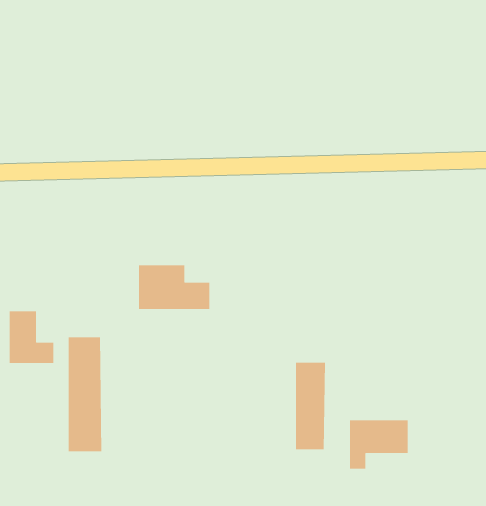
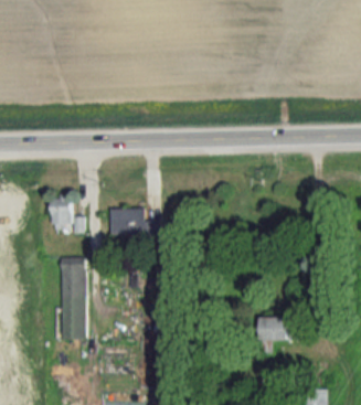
building: [9,311,54,364] -> [51,194,83,232]
building: [295,362,326,450] -> none

